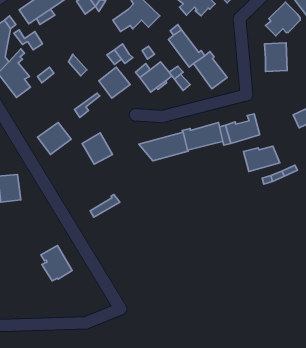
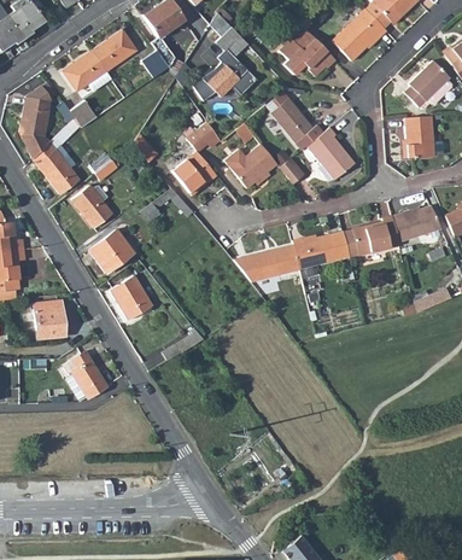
building: none -> [72,182,115,227]
building: [82,133,112,164] -> [110,275,152,319]
building: [243,146,280,171] -> [390,209,440,244]
building: [41,245,72,281] -> [63,351,106,401]

